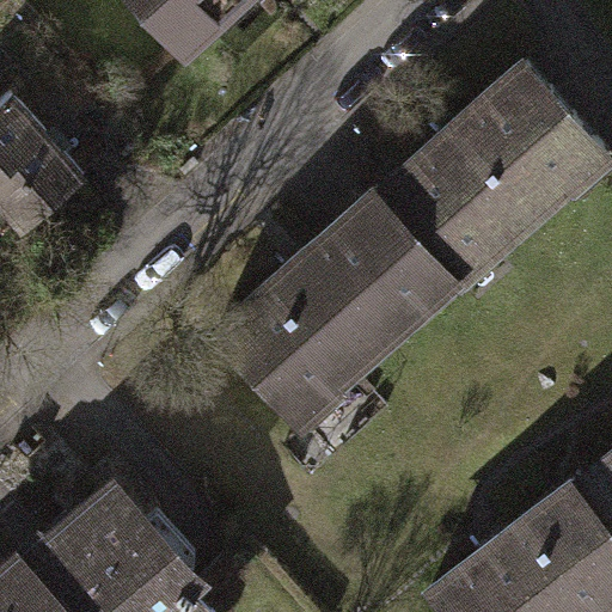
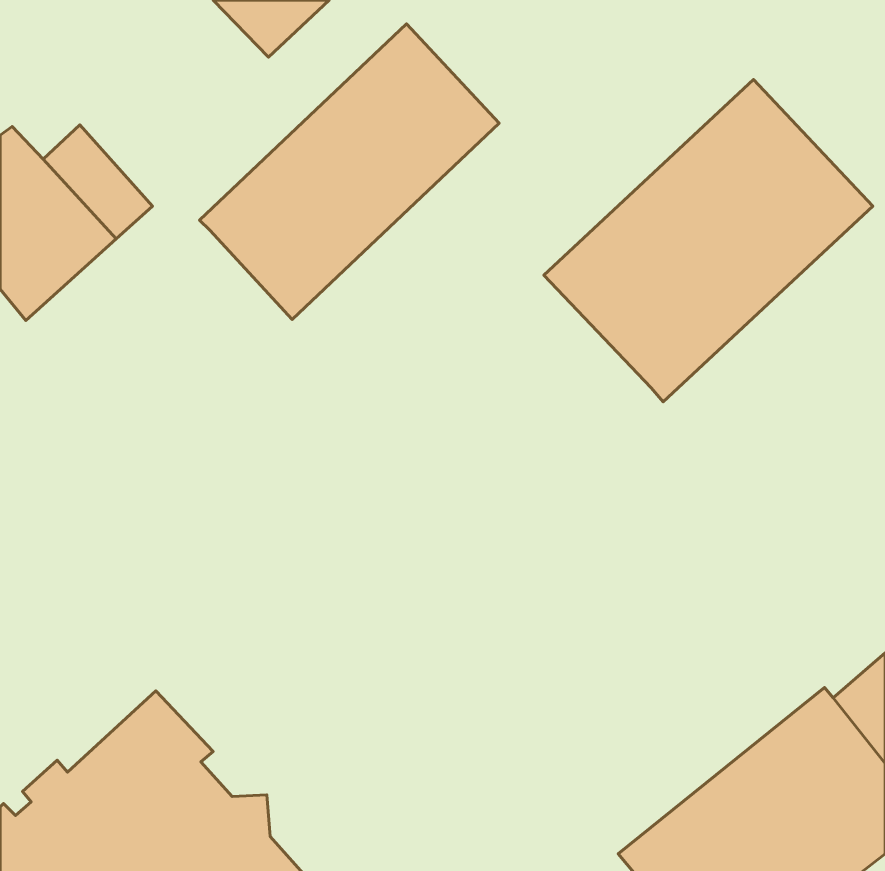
building: none -> [199,24,499,319]
building: [213,192,449,429] -> none

